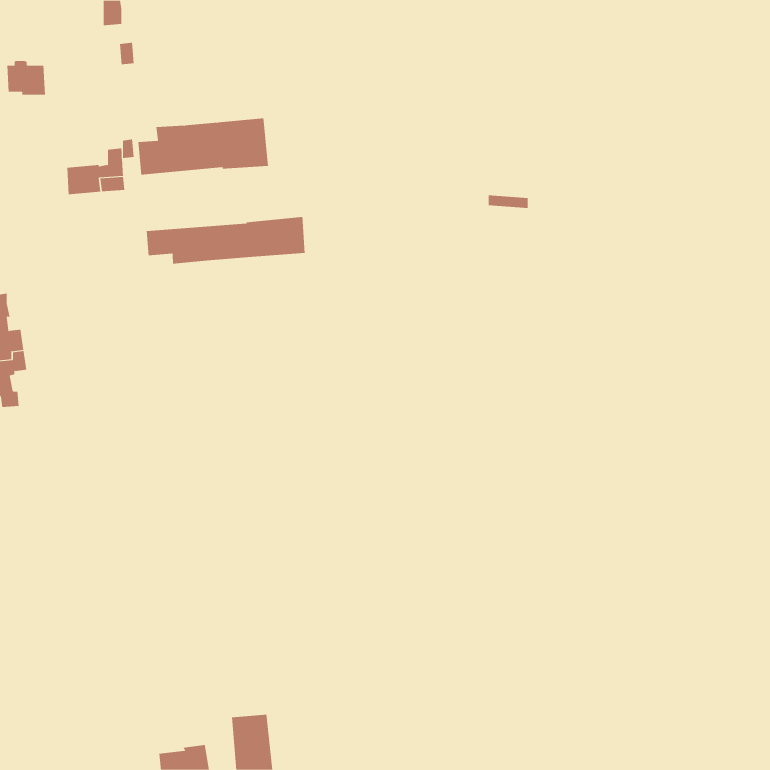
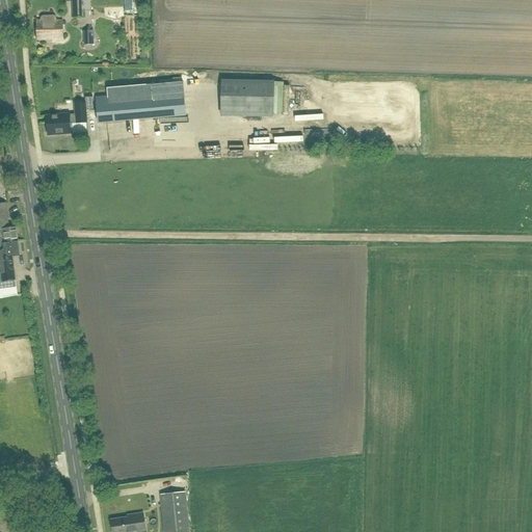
building: [6,60,46,95] -> [35,17,62,41]
building: none -> [219,79,273,113]
building: [146,216,305,265] -> none

